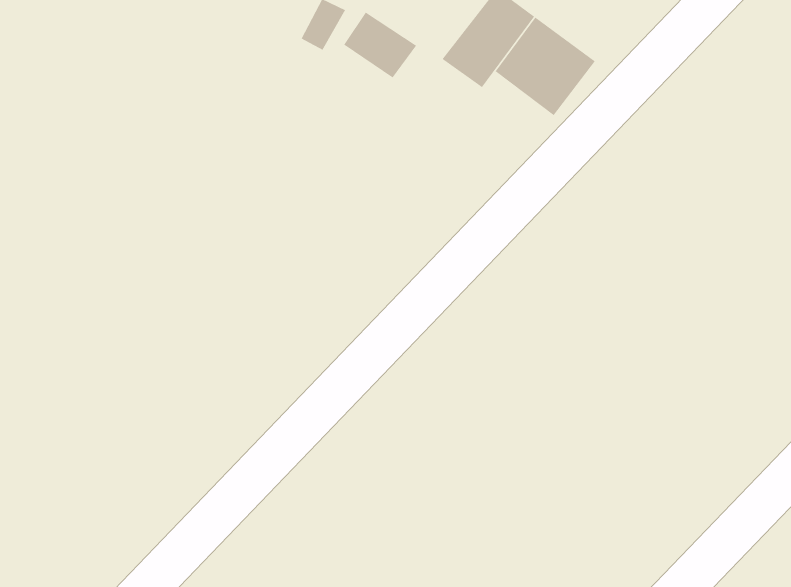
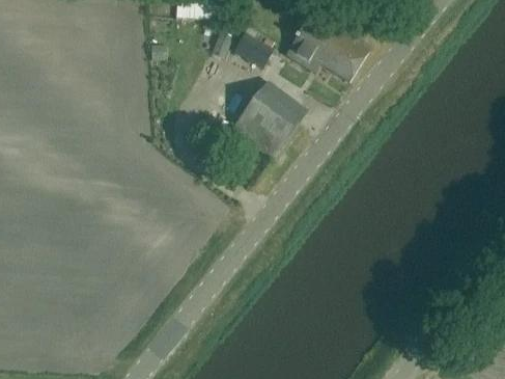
building: none -> [231,87,300,155]

